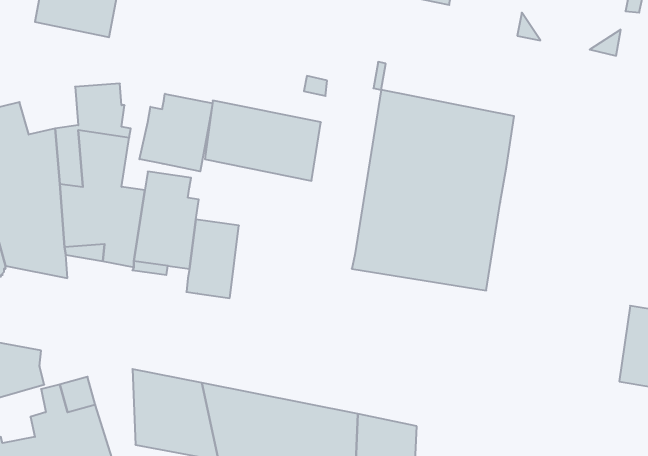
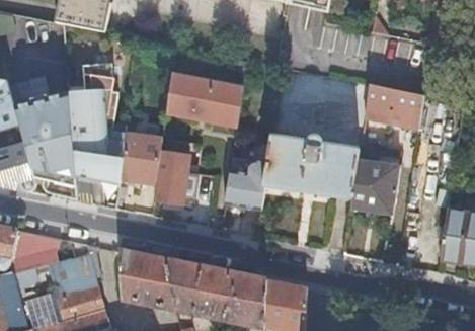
building: [139,94,212,171] -> none
building: none -> [365,84,423,128]
building: none -> [350,141,400,216]
building: none -> [225,169,265,209]

